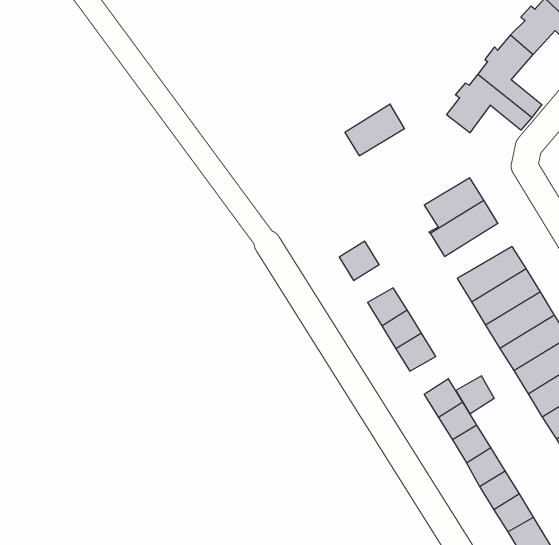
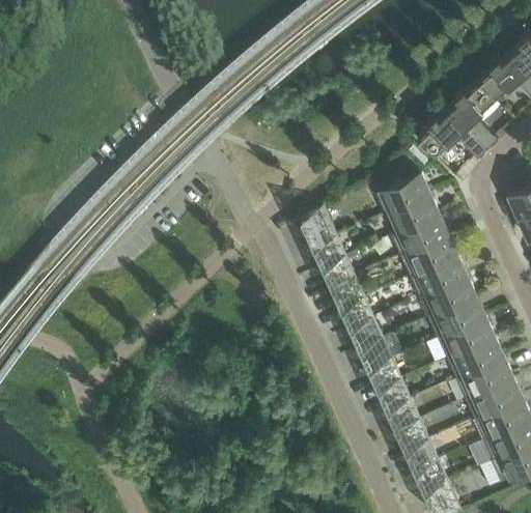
building: [345,104,405,156] -> [381,176,430,216]
building: none -> [301,209,337,250]
building: none -> [401,238,458,280]
building: none -> [324,260,356,290]
building: [456,376,494,414] -> [361,342,392,372]

